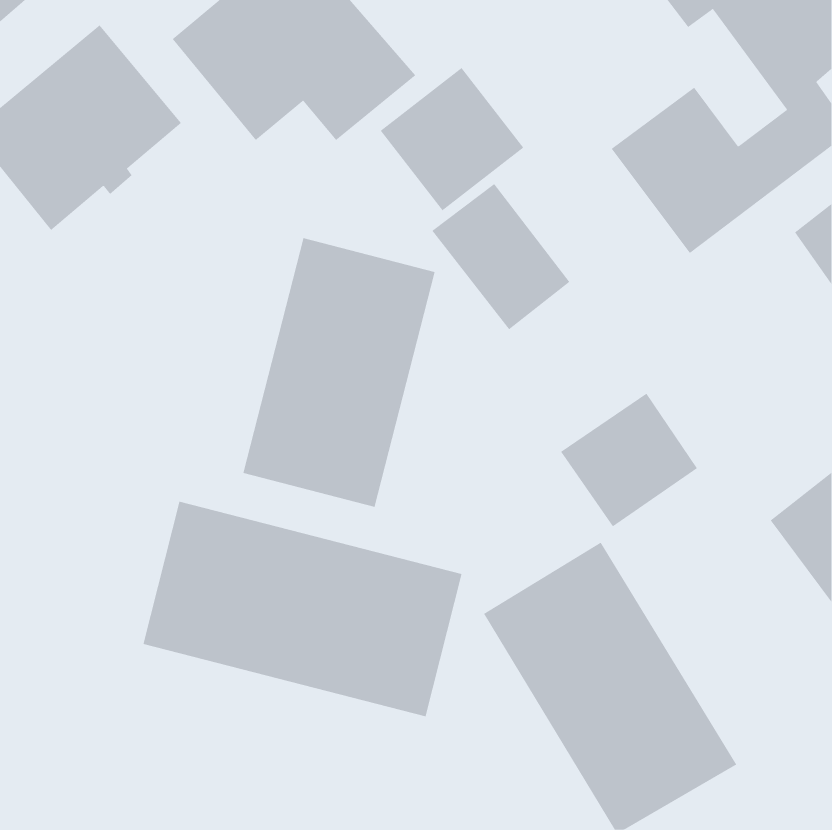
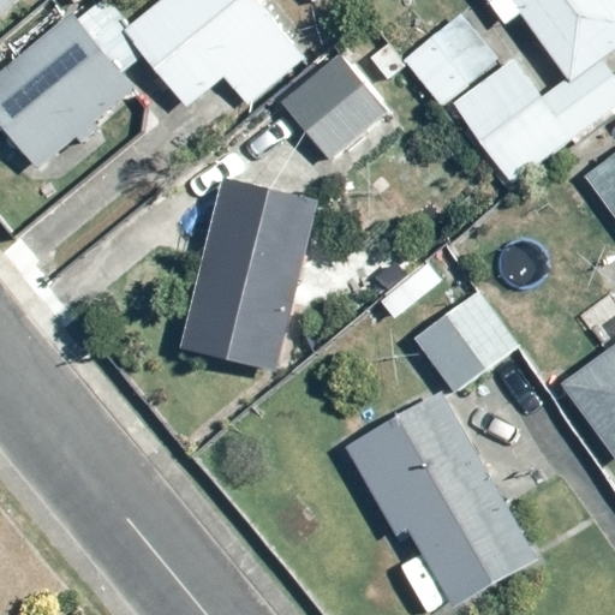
building: none -> [400,7,496,101]
building: [432,183,570,330] -> none
building: [143,501,462,717] -> none

